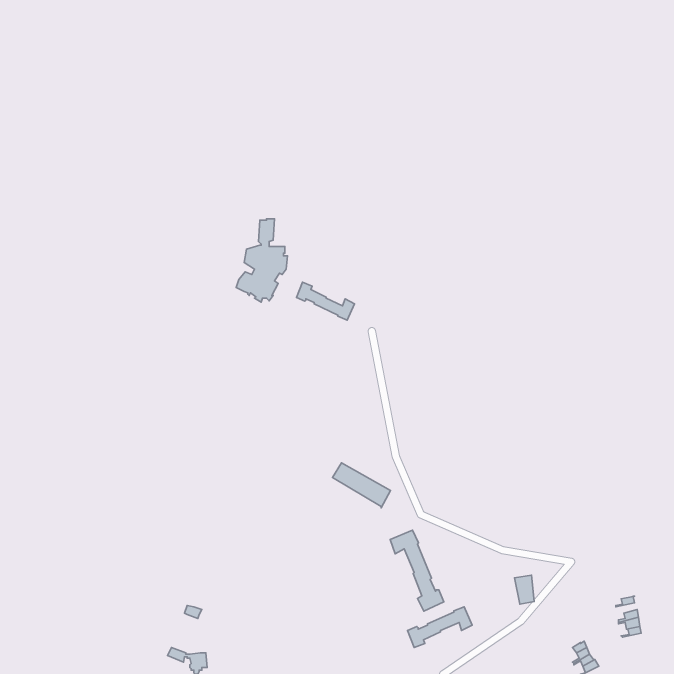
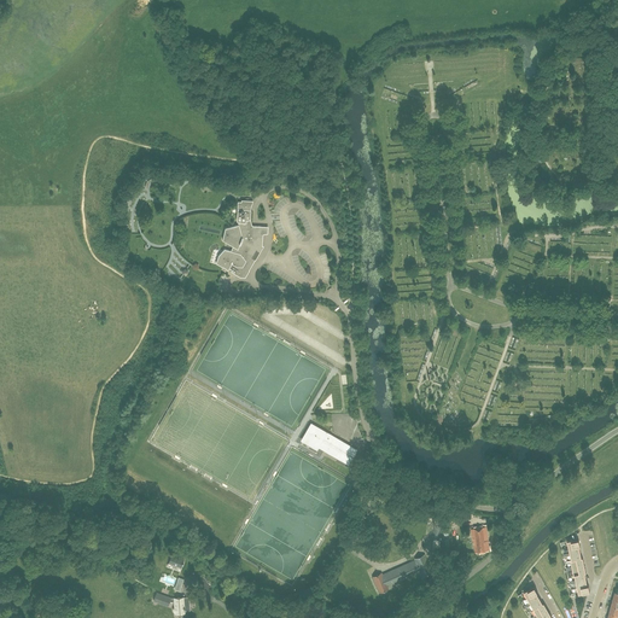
building: [296,282,355,320] -> none
building: [390,530,444,611] -> none

